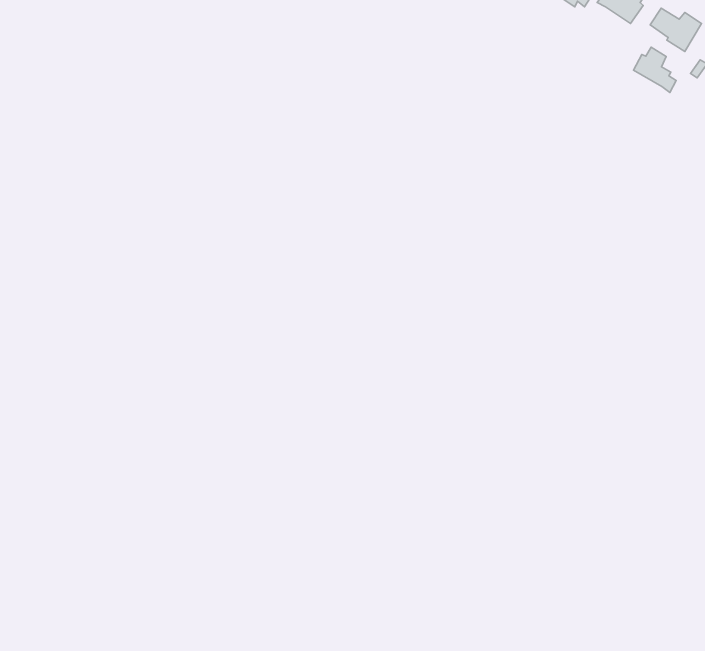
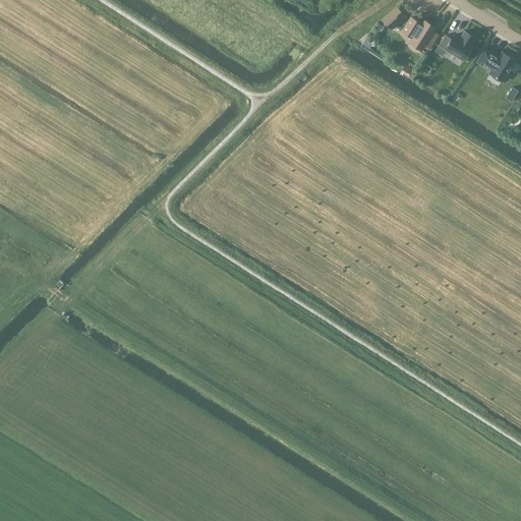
building: [634,47,676,93] -> none

